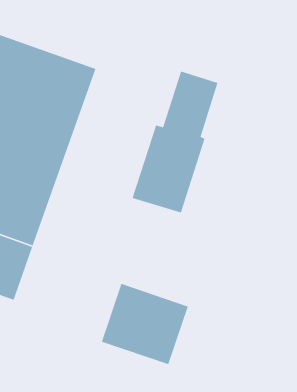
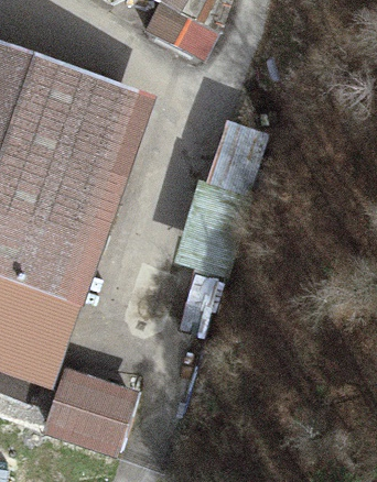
building: [101,283,189,365] -> [42,368,139,458]

